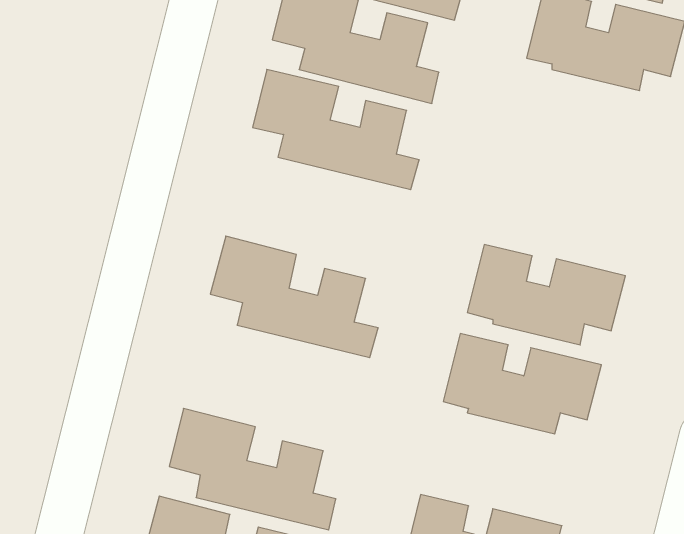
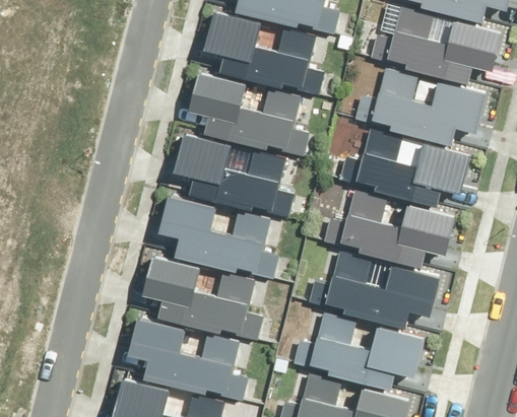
building: none -> [370,72,483,144]
building: none -> [172,129,292,216]
building: none -> [356,133,469,205]
building: none -> [140,253,261,340]
building: none -> [312,318,426,391]

